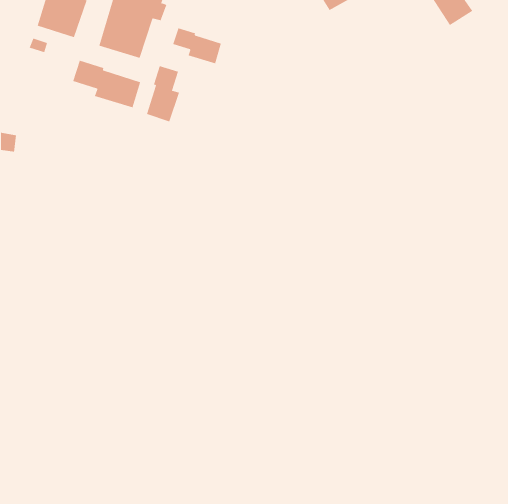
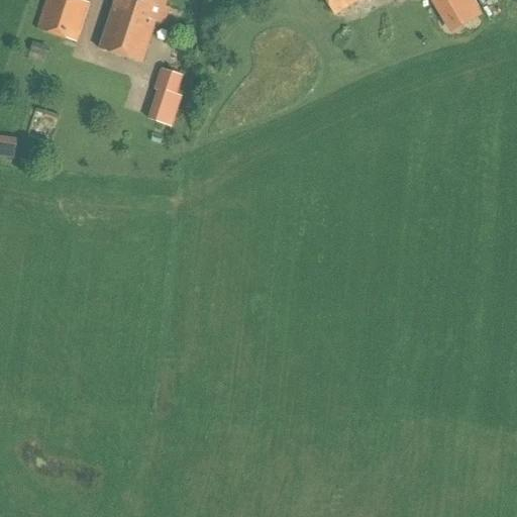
building: [172,27,222,64] -> none
building: [72,60,141,108] -> none

